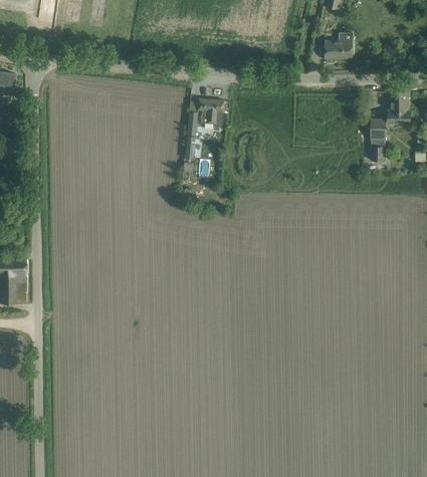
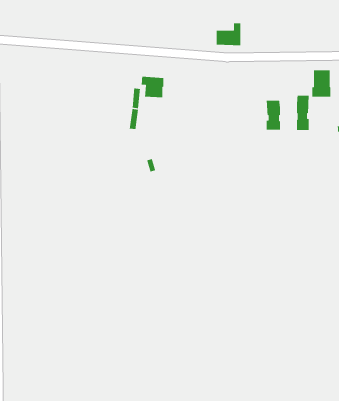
building: [325,32,353,58] -> [216,23,241,46]
building: none -> [266,100,281,131]

